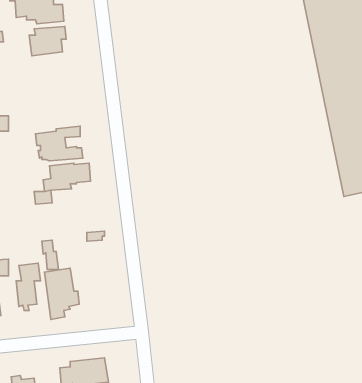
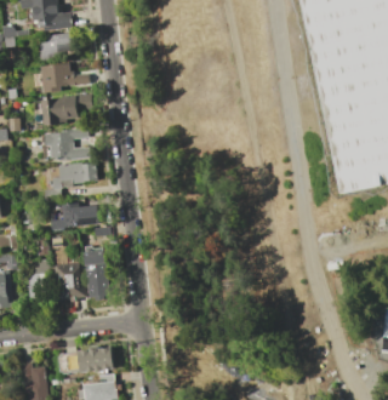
building: none -> [34,63,90,93]
building: none -> [41,93,92,125]
building: none -> [52,202,99,229]
building: none -> [84,250,109,301]

